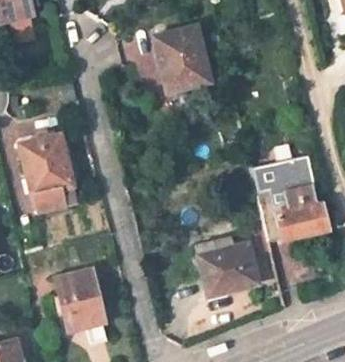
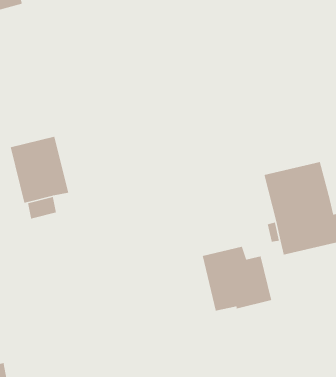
building: [159,26,211,90] -> none
building: [55,269,106,341] -> none

